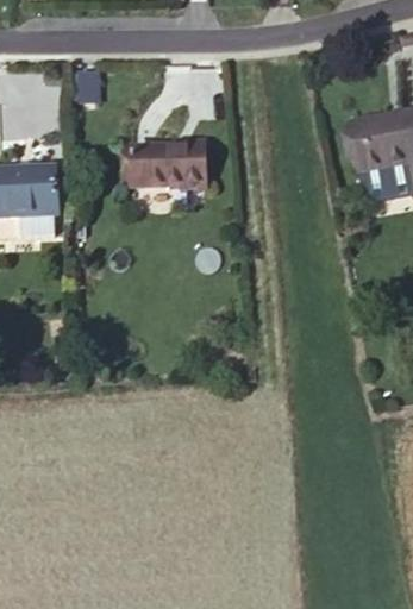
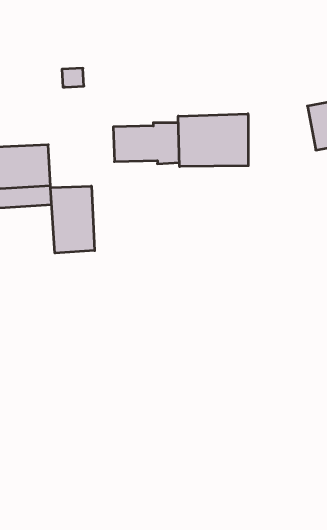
building: none -> [178,114,248,167]
building: none -> [50,186,95,253]

